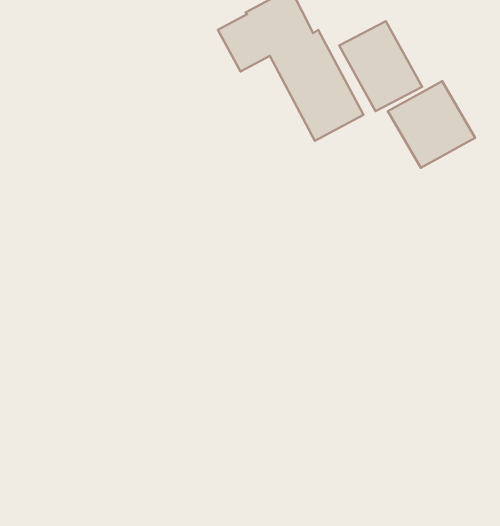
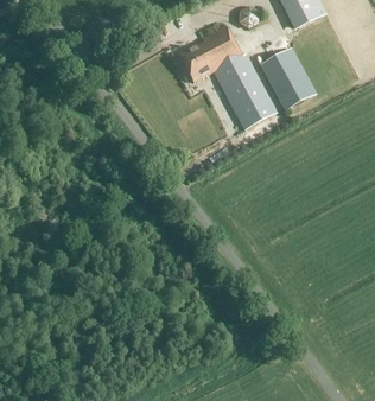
building: [388,81,475,168] -> none

